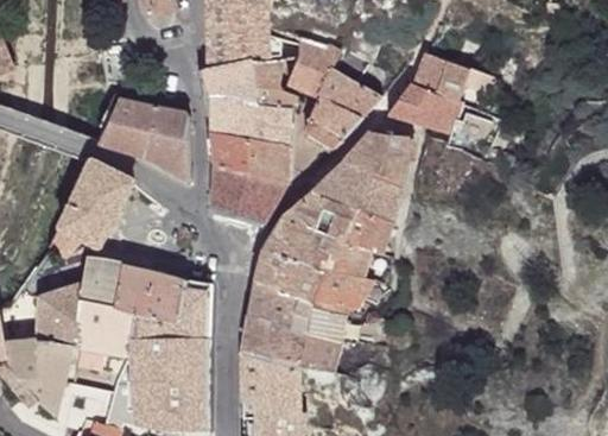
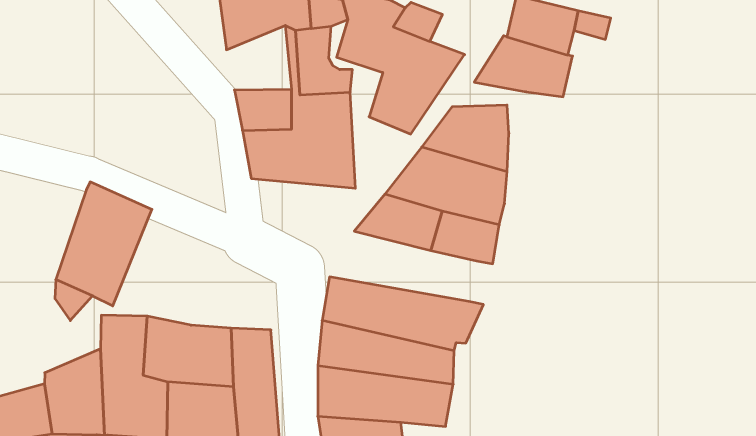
building: [201,56,251,105] -> none
building: [97,97,192,184] -> none
building: [211,168,289,227] -> none
building: [261,216,373,279] -> none

